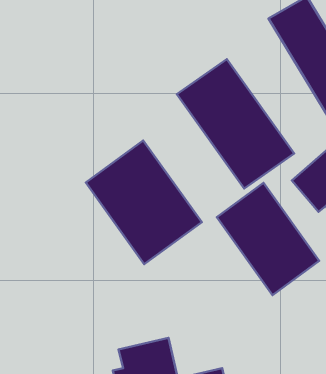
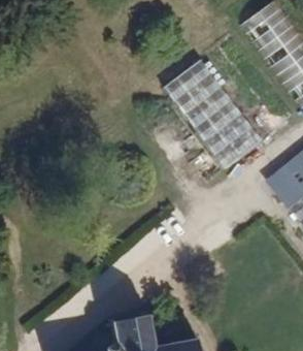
building: [86,140,202,264] -> none
building: [217,183,319,295] -> none

